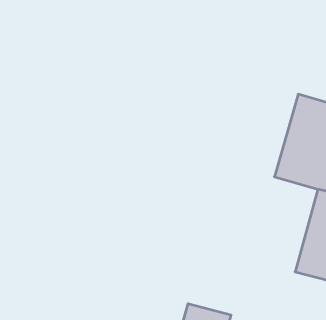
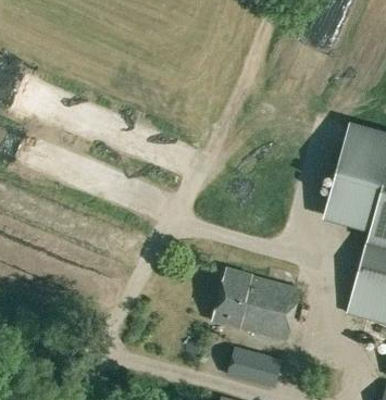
building: none -> [212,268,299,339]

